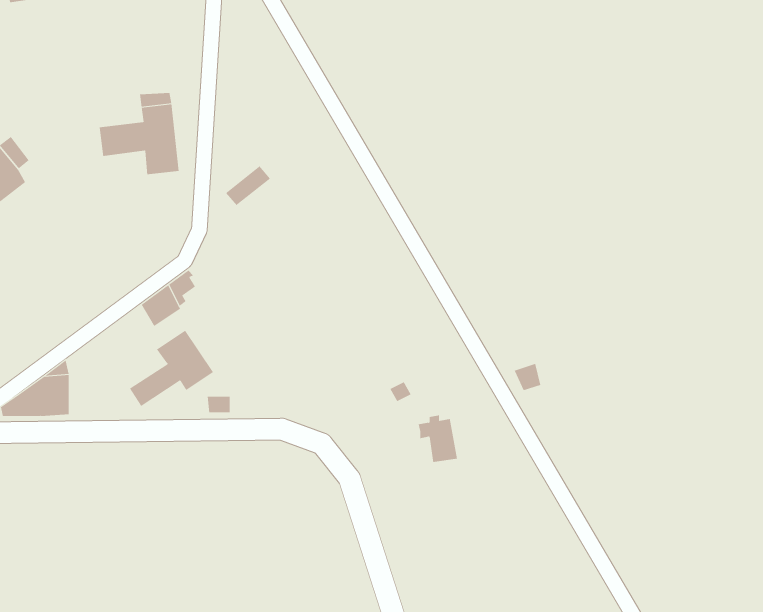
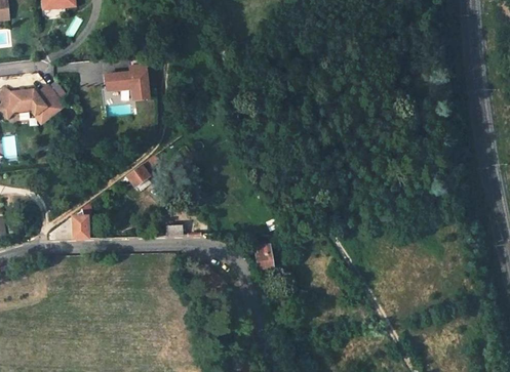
building: [129,330,214,407] -> none
building: [418,415,458,462] -> [250,242,273,268]

